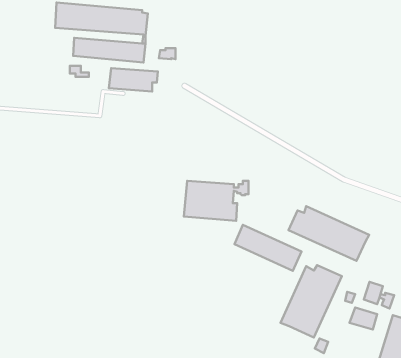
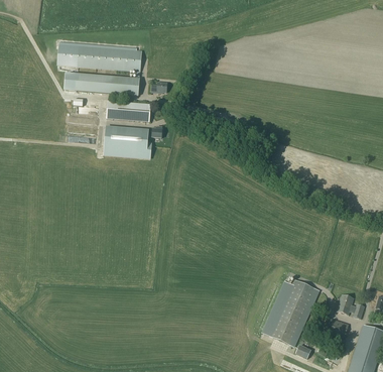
building: [184,181,248,221] -> [104,125,162,161]
building: [289,206,369,261] -> none
building: [234,225,301,271] -> none

